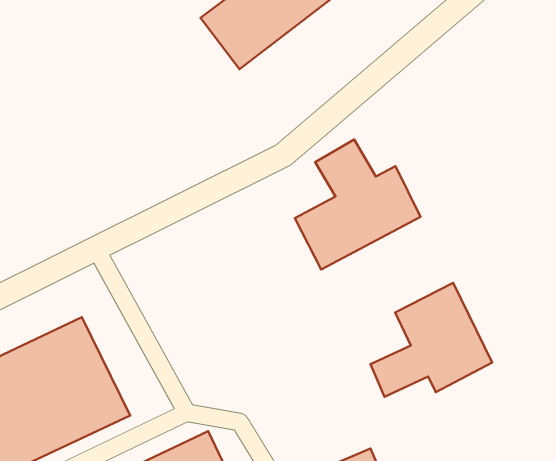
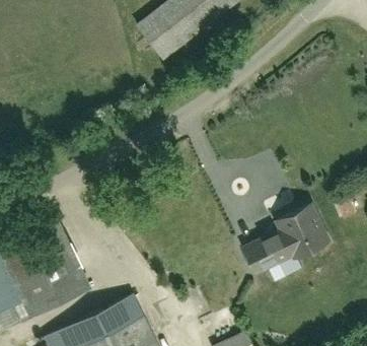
building: [295,140,420,270] -> none

